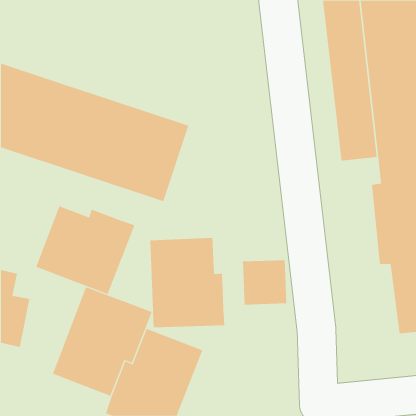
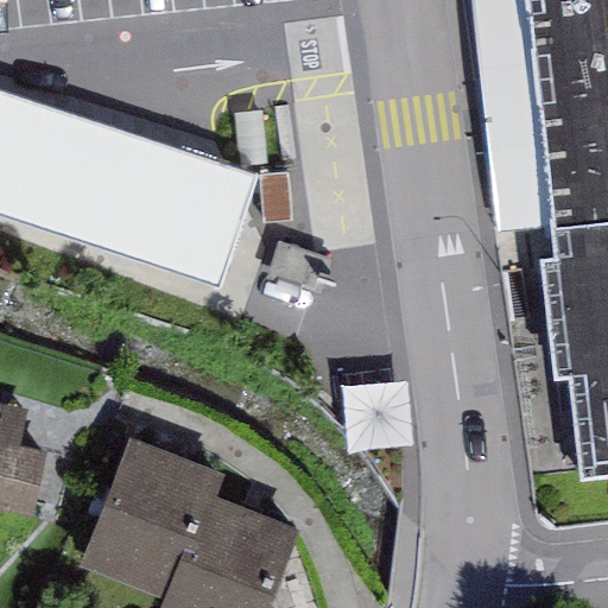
building: [36,205,135,295] -> none
building: [150,237,225,328] -> none

